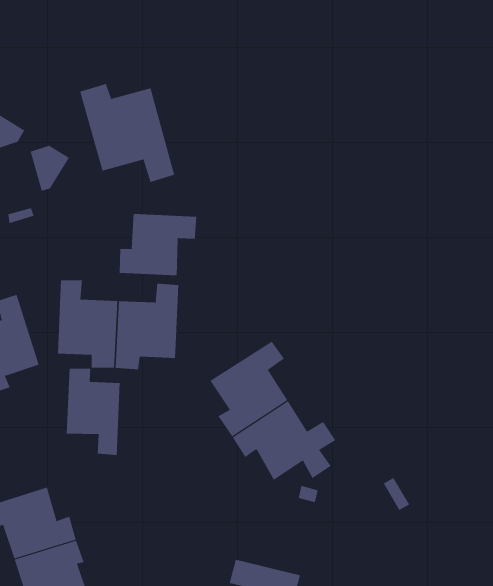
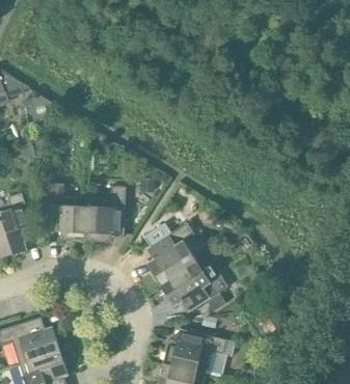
building: [80,83,175,183] -> none
building: [119,213,197,276] -> none
building: [66,368,120,456] -> none
building: none -> [162,329,225,375]

